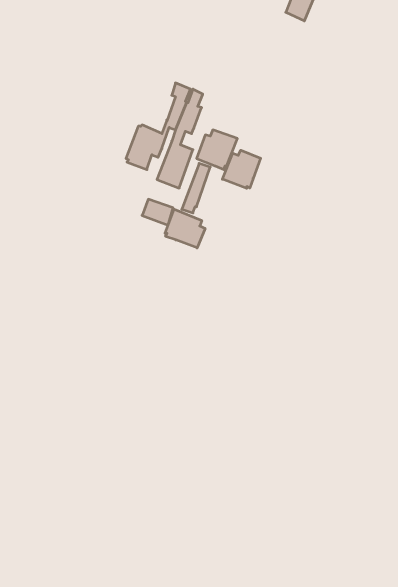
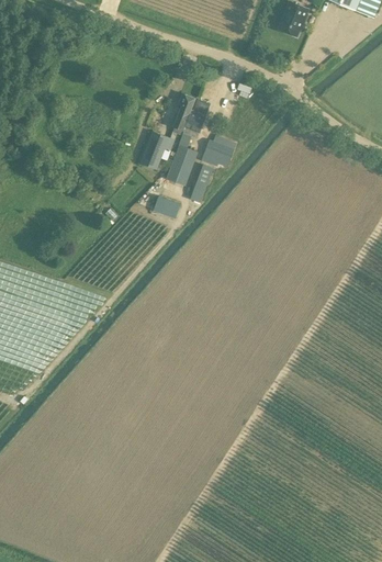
building: [222,150,261,188] -> none
building: [165,209,205,248] -> none

